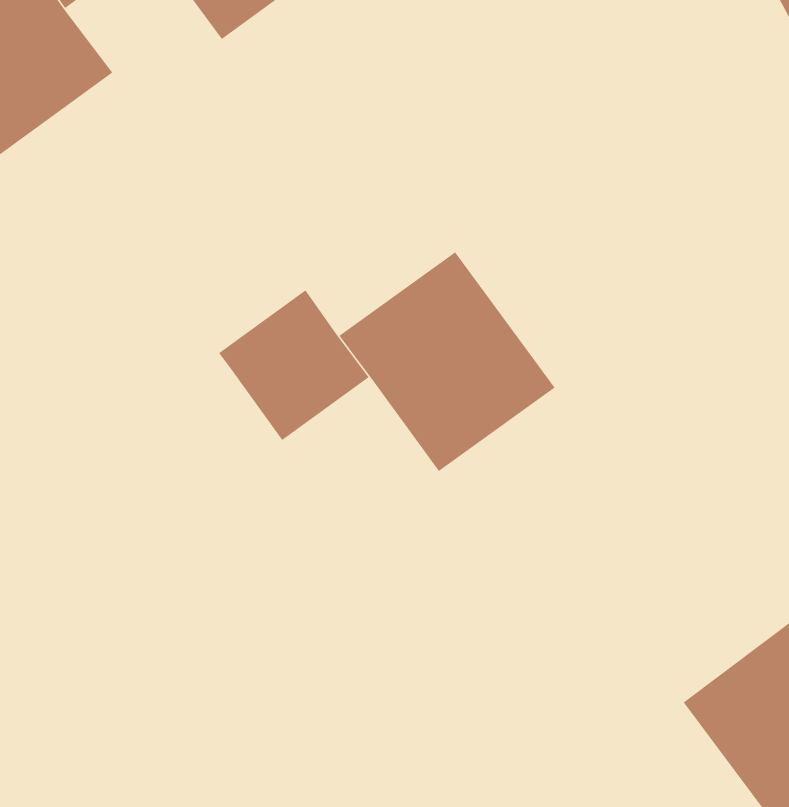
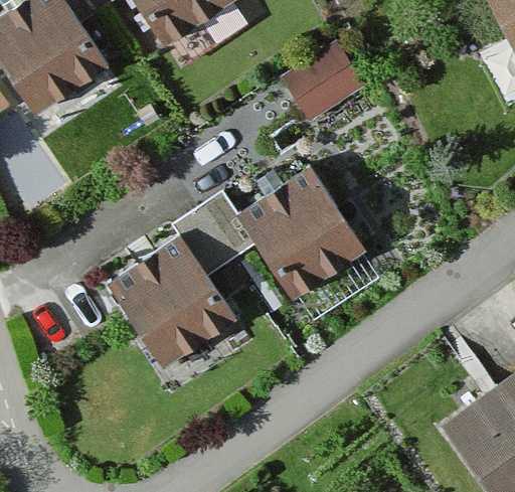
building: none -> [279,42,365,126]
building: none -> [106,234,234,366]

